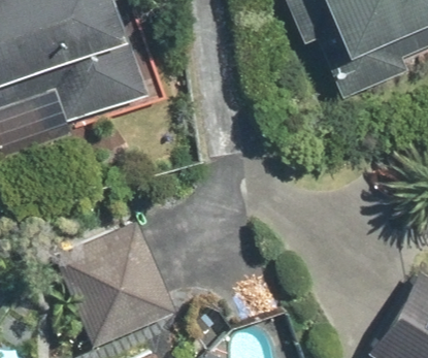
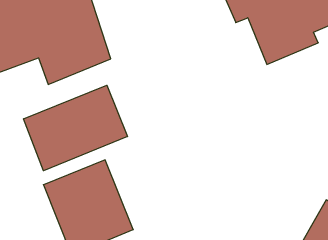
building: none -> [24,85,127,171]

